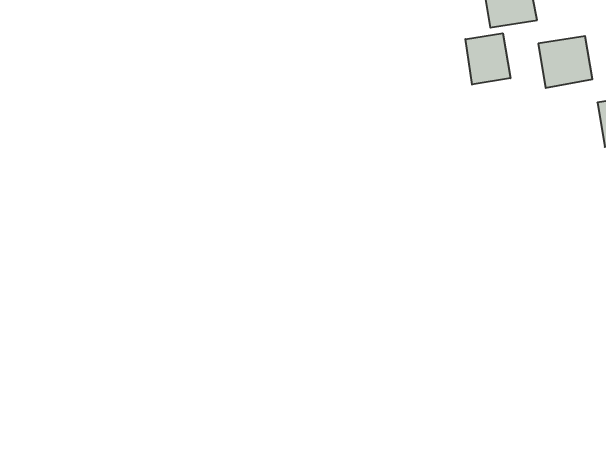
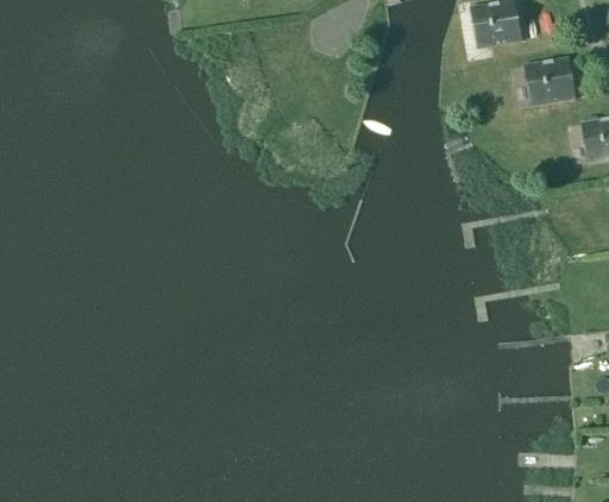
building: [465,33,510,85] -> none

